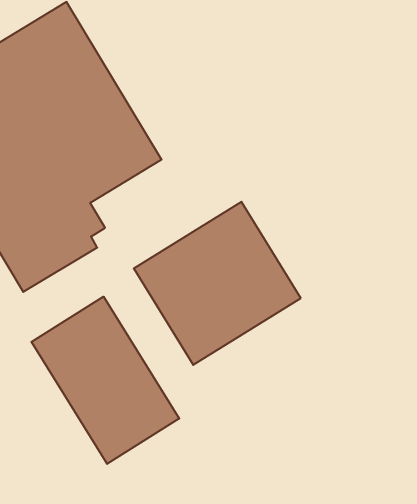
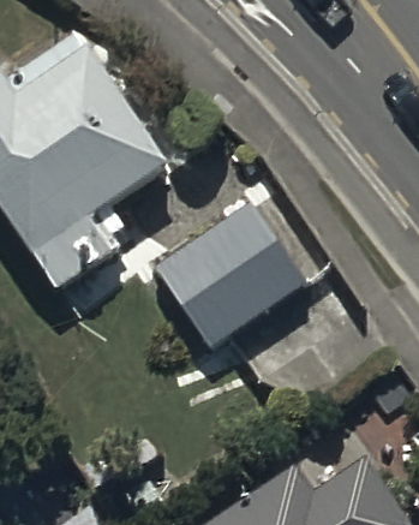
building: [31,297,179,464] -> none

